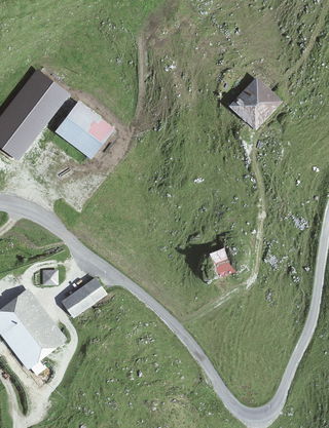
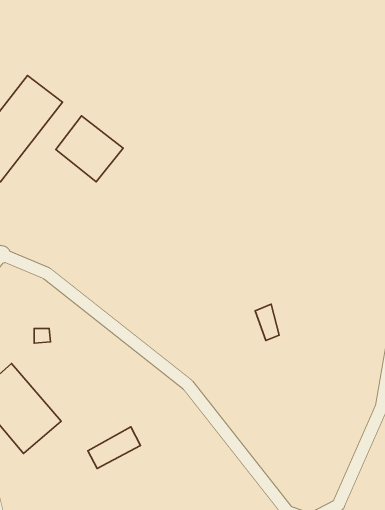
building: [232,83,276,126] -> none
building: [63,282,103,314] -> [88,427,140,468]

